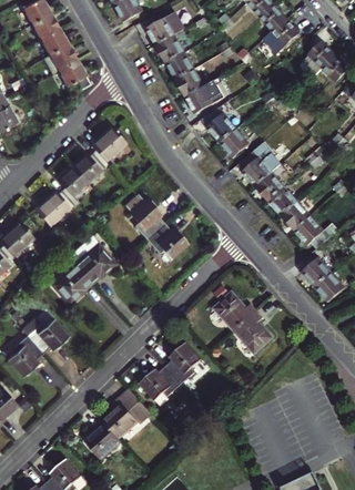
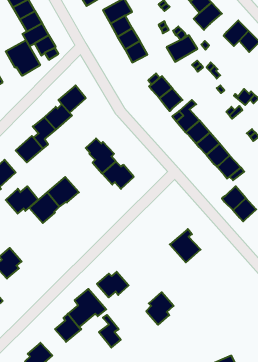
building: none -> [6,40,40,76]
building: [184,80,224,114] -> [167,35,197,62]
building: [212,290,256,331] -> none
building: [26,318,68,354] -> [6,186,38,214]
building: [164,343,200,385] -> [146,292,174,325]
building: none -> [99,315,121,348]

